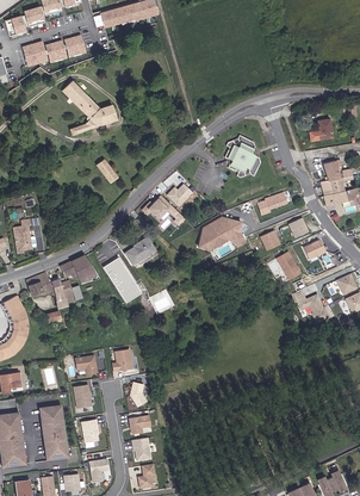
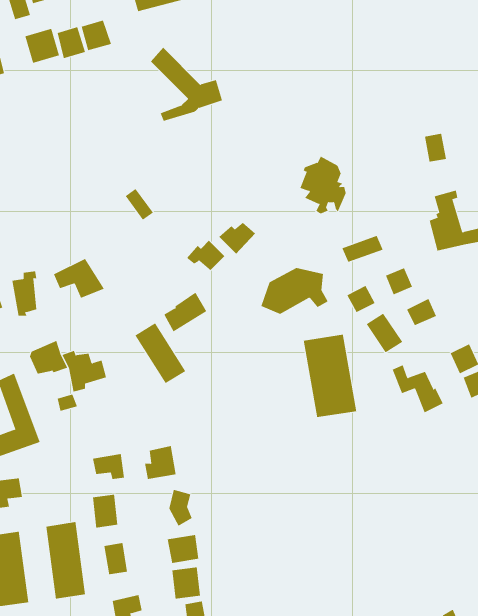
building: [63,80,117,135] -> [150,47,223,121]
building: [61,254,99,284] -> [53,258,105,299]
building: none -> [303,334,357,418]

